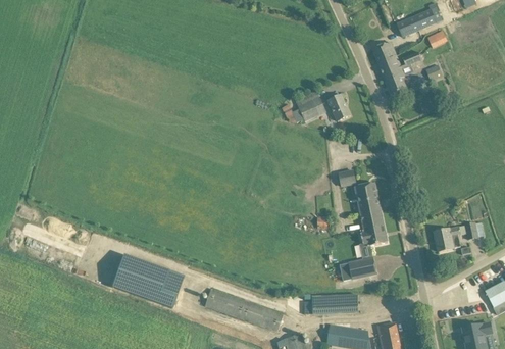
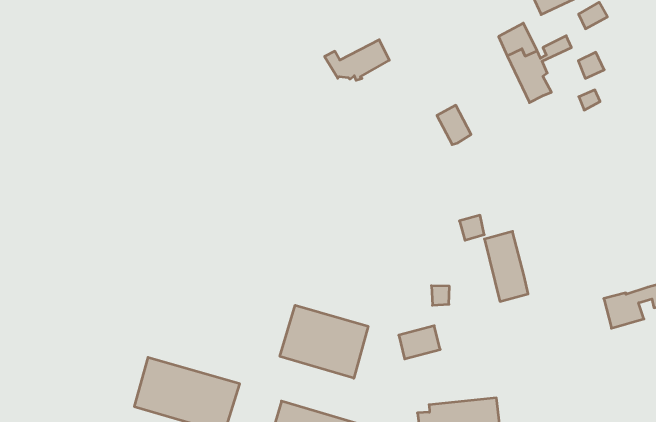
building: [281,97,324,123] -> [325,40,389,80]
building: none -> [280,305,368,378]
building: [360,225,387,246] -> none
building: [349,259,376,281] -> [399,326,440,359]

